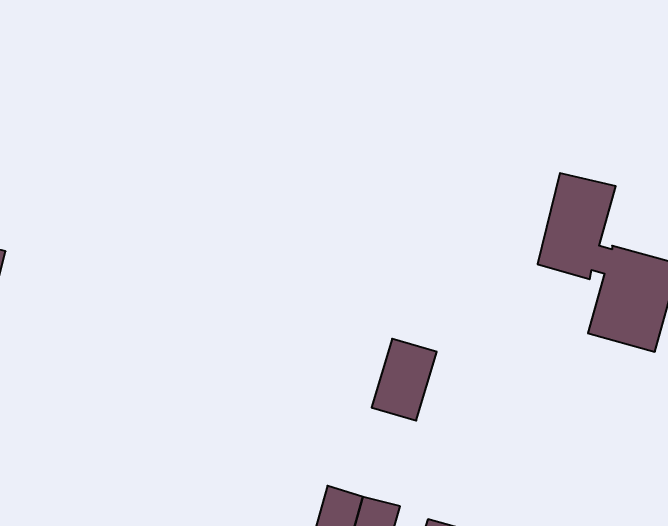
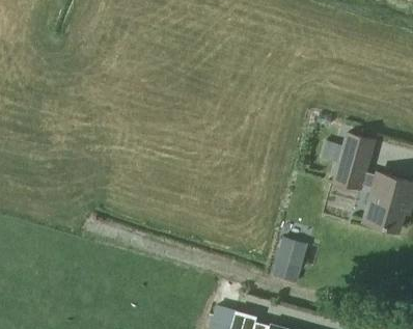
building: [372,339,437,421] -> [270,237,306,282]

